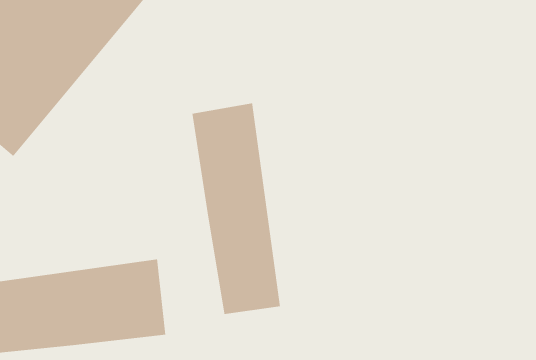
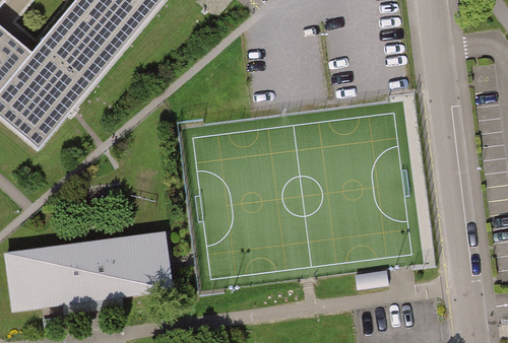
building: [192,102,280,315] -> none

